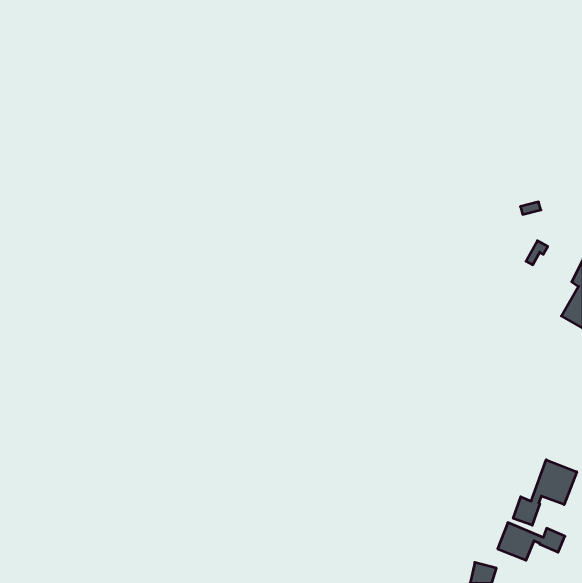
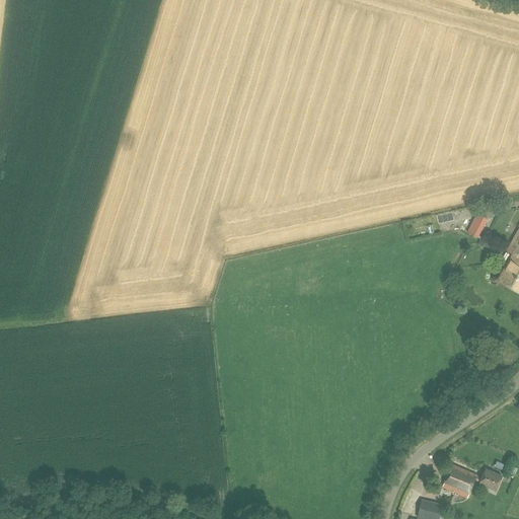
building: [513,460,577,525] -> none

